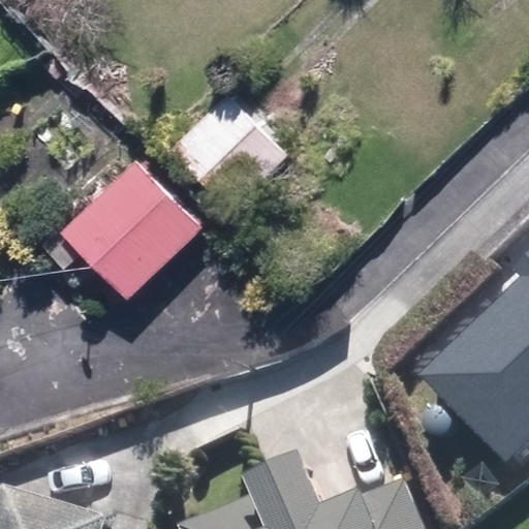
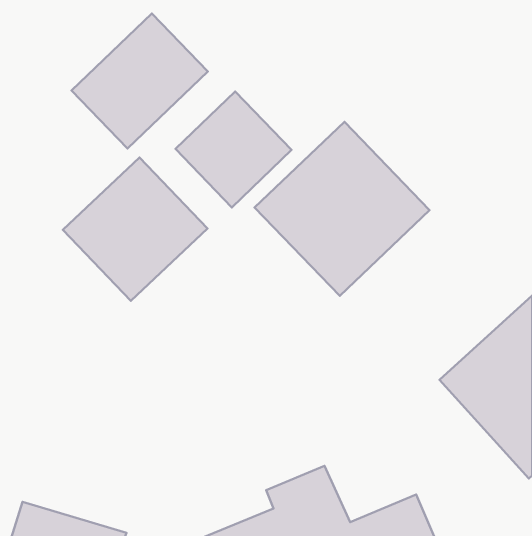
building: none -> [71,14,208,148]
building: none -> [254,122,430,296]

